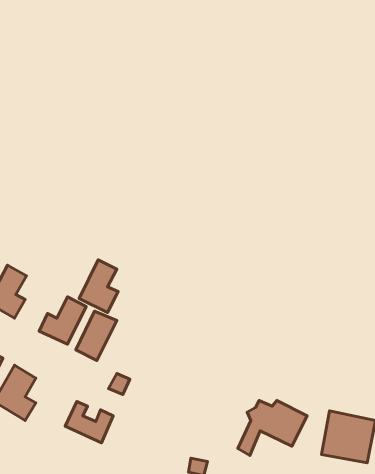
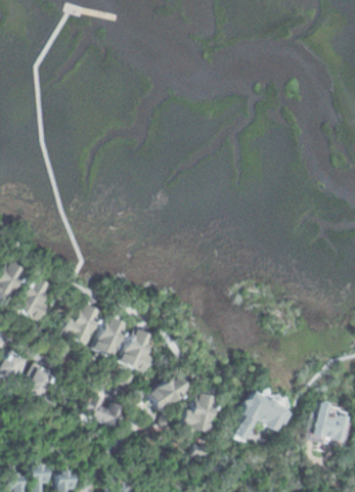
building: [79,260,118,313] -> [119,326,152,372]
building: none -> [147,373,190,409]
building: none -> [182,391,219,432]

